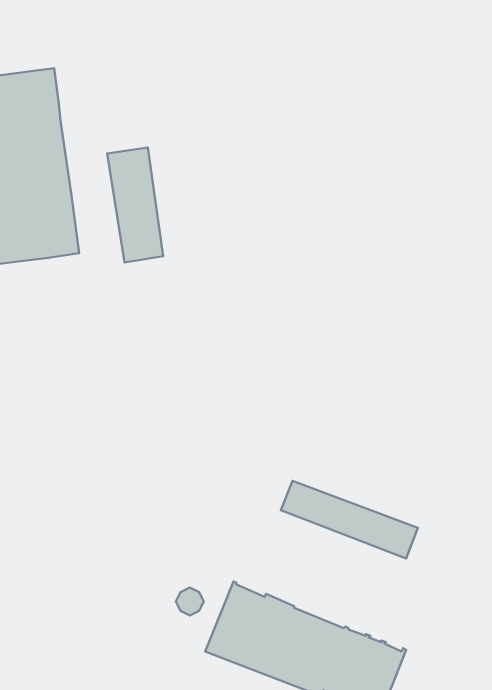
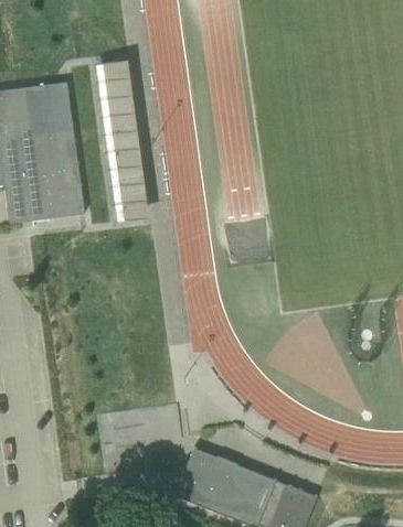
building: none -> [95,60,132,125]
building: [281,481,418,559] -> none

